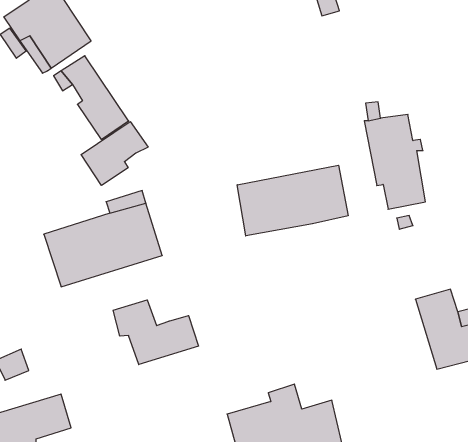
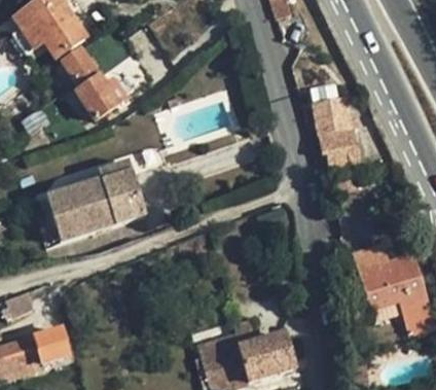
building: [81,122,148,185] -> none
building: [237,165,348,236] -> none
building: [113,300,198,365] -> none

